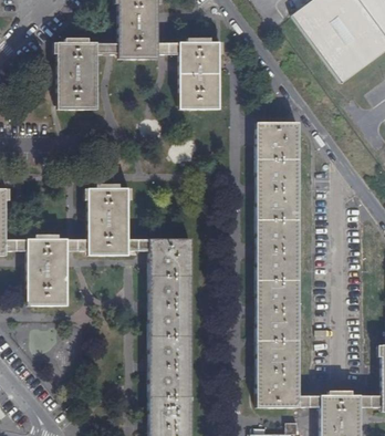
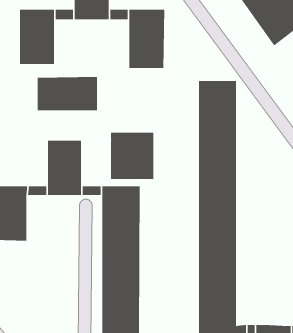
building: none -> [37,76,98,111]
building: none -> [111,132,154,180]

